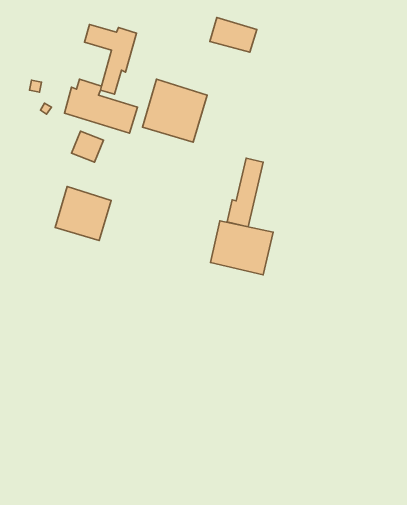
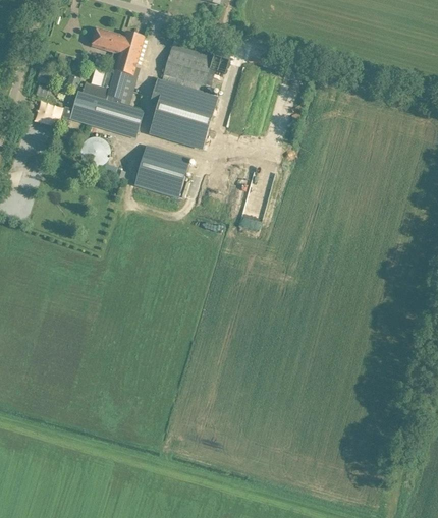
building: [210,17,257,52] -> [163,49,211,84]
building: [55,187,111,240] -> [133,143,190,198]
building: [210,221,273,275] -> none

